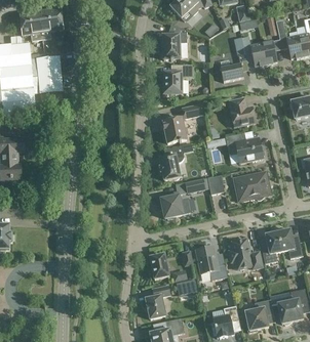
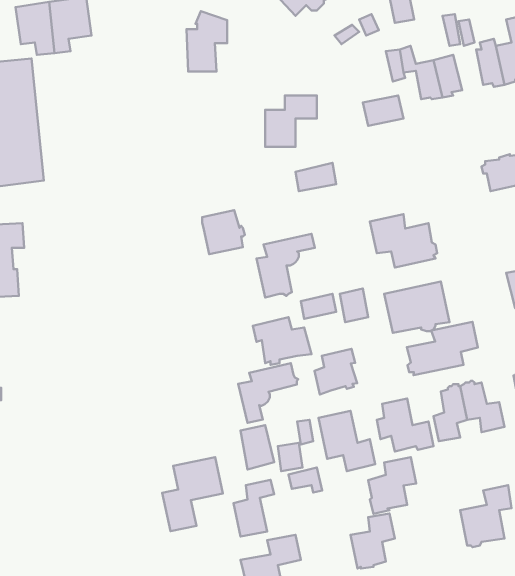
building: [162,24,186,58] -> [186,11,227,72]
building: [35,55,62,92] -> none
building: [228,97,255,127] -> none
building: [162,117,187,142] -> [202,210,245,254]
building: none -> [407,322,478,375]
building: none -> [314,349,357,395]
building: none -> [238,363,298,423]
building: none -> [162,457,223,531]
building: [244,299,272,332] -> [368,457,416,514]

